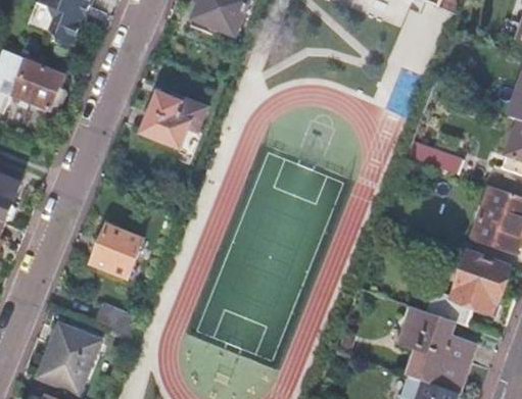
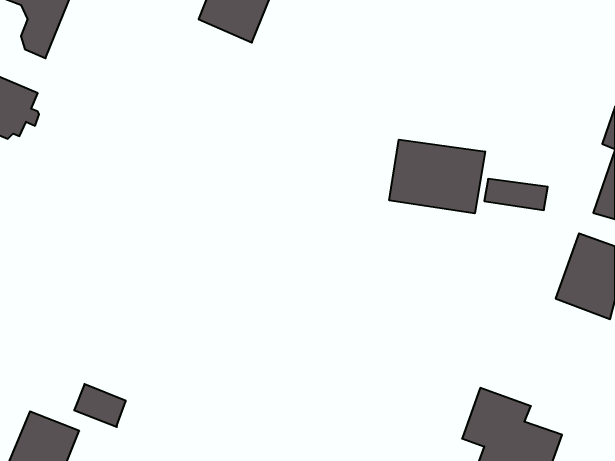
building: [140,93,204,148] -> none
building: none -> [389,140,485,213]
building: [90,227,141,278] -> none
building: [426,252,509,327] -> none

